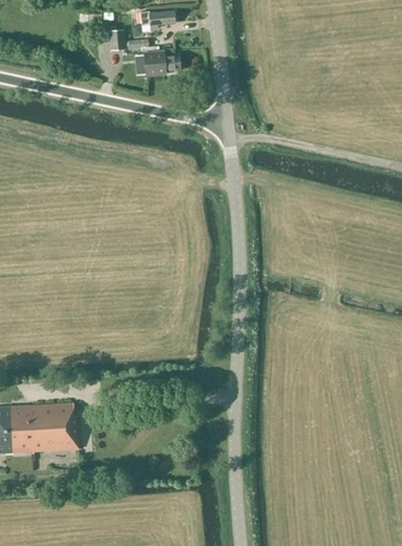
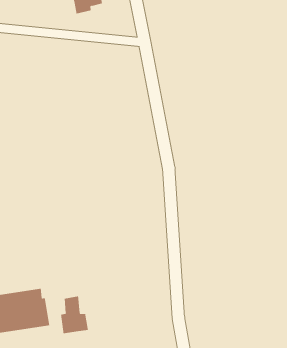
building: none -> [61,296,88,334]

